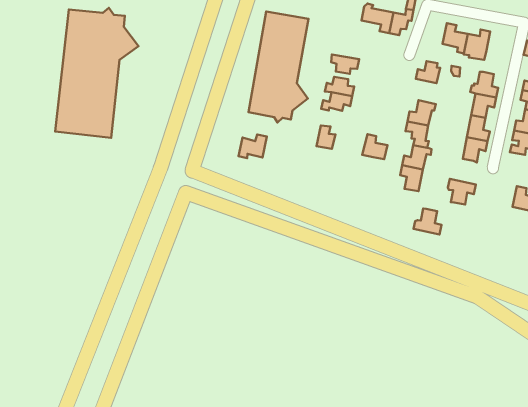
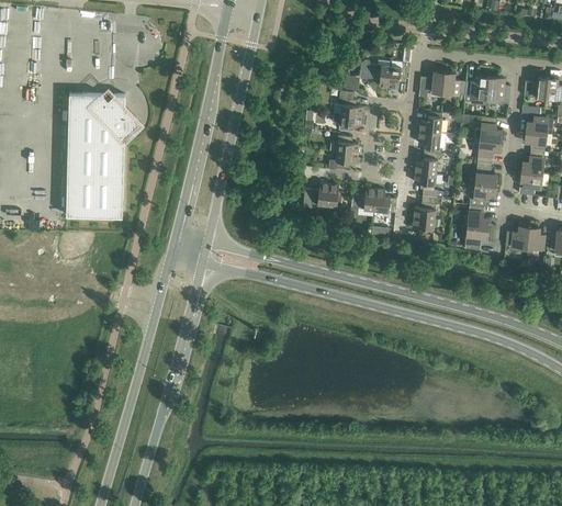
building: [249,11,309,123] -> none
building: none -> [419,70,445,97]
building: none -> [486,76,510,103]
building: none -> [334,90,362,115]
building: none -> [418,130,447,153]
building: none -> [350,188,376,214]
building: [238,135,267,158] -> [303,183,329,207]
building: none -> [505,225,529,251]
building: [413,209,441,235] -> [462,204,490,228]

